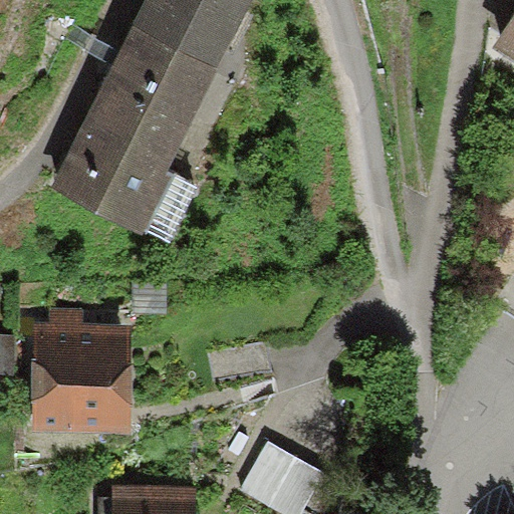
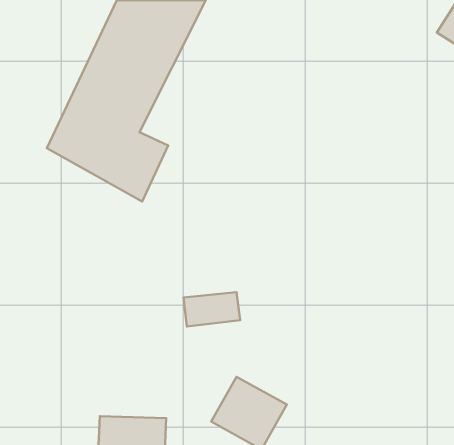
building: [36,328,113,423] -> none

